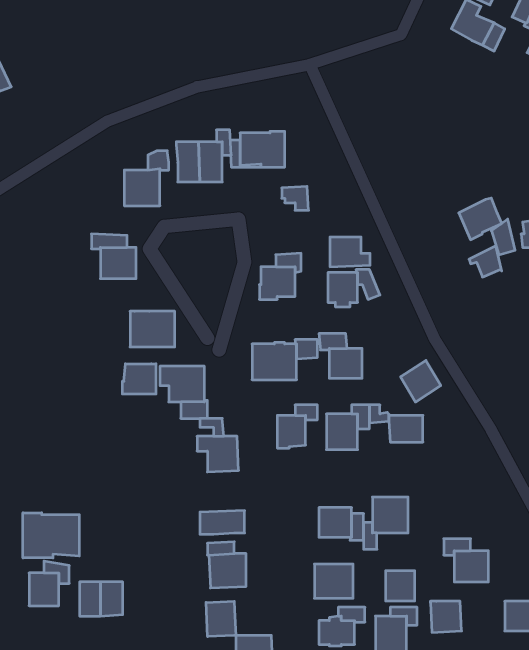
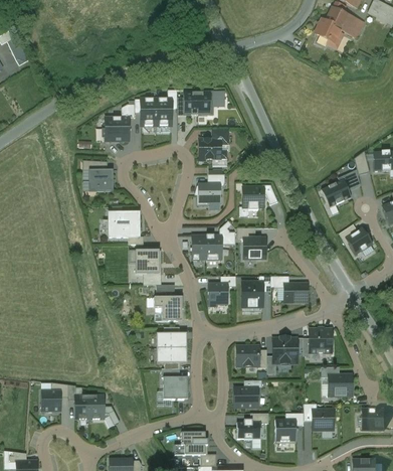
building: none -> [314,19,343,48]
building: [459,198,502,240] -> [321,180,350,208]
building: [330,237,370,267] -> [199,140,226,160]
building: [401,360,441,402] -> [345,227,372,256]
building: [122,364,156,394] -> none
building: none -> [309,329,331,353]
building: none -> [156,333,186,349]
building: [23,513,79,558] -> none
building: [386,571,415,601] -> none
building: [206,601,236,637] -> none

